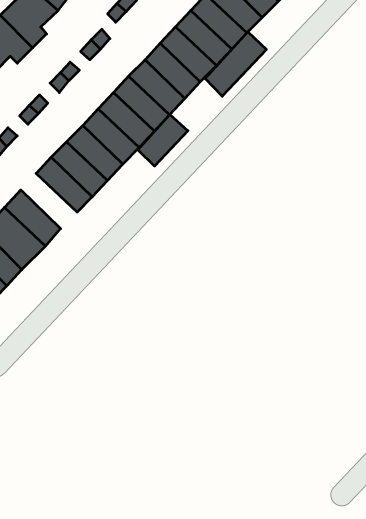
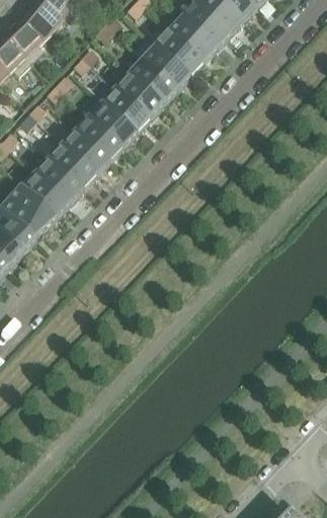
building: [205,32,266,96] -> none
building: [138,115,188,166] -> none
building: none -> [19,170,68,218]

